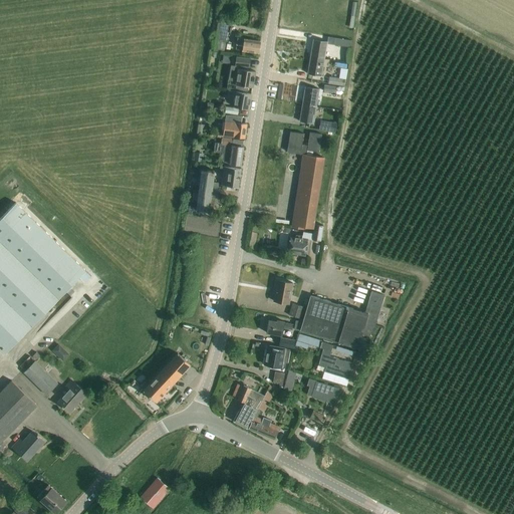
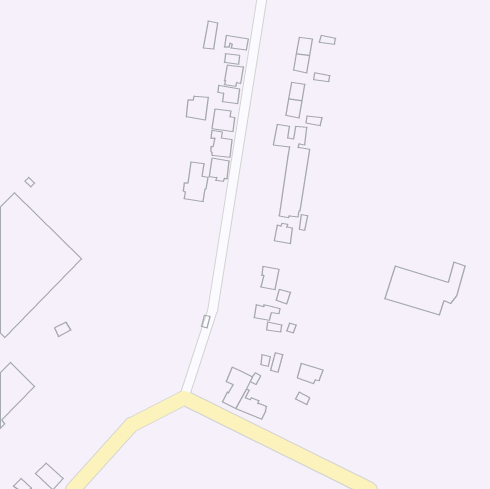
building: none -> [187,96,208,120]
building: [299,292,383,347] -> [385,262,465,315]
building: [318,342,351,379] -> none
building: [264,346,288,367] -> none
building: [143,353,190,404] -> none
building: [23,361,57,396] -> none
building: [57,381,86,413] -> none
building: [12,432,43,461] -> none
building: [140,478,170,509] -> none

